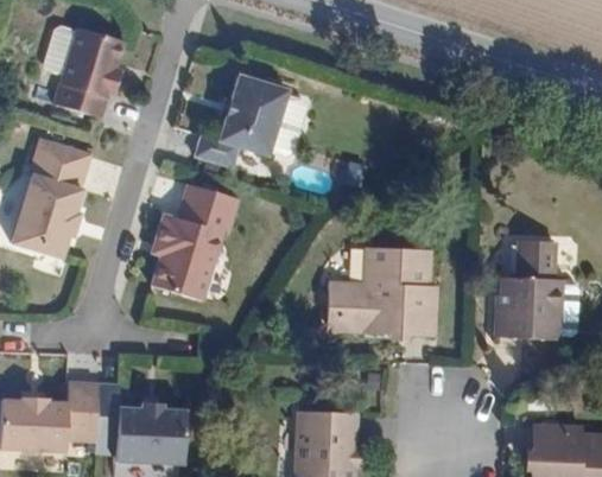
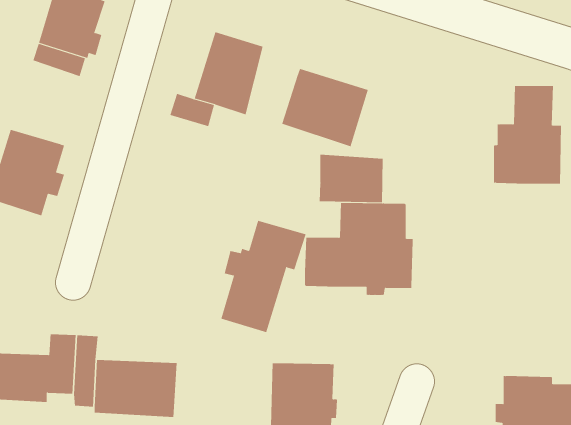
building: none -> [282,68,368,147]
building: [27,136,89,186] -> none
building: [150,184,237,299] -> [220,220,306,333]
building: none -> [319,154,383,203]
building: [496,238,566,339] -> [493,85,562,184]

